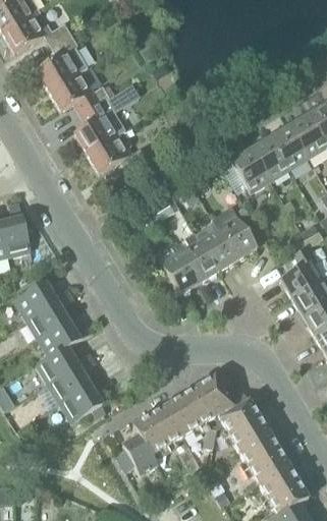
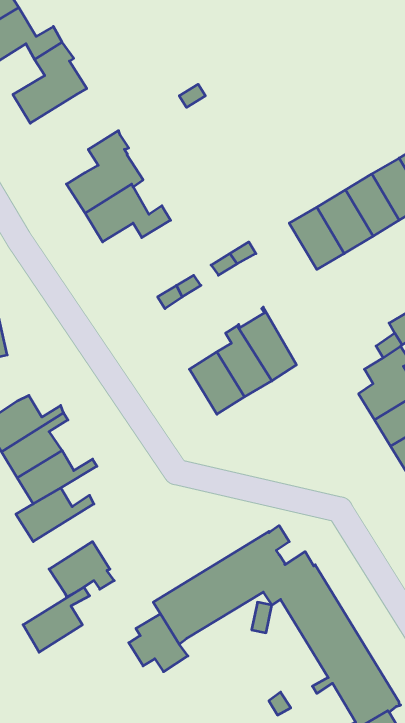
building: [48,68,110,109] -> none
building: [212,206,256,258] -> none
building: [50,356,97,402] -> [23,587,90,652]

